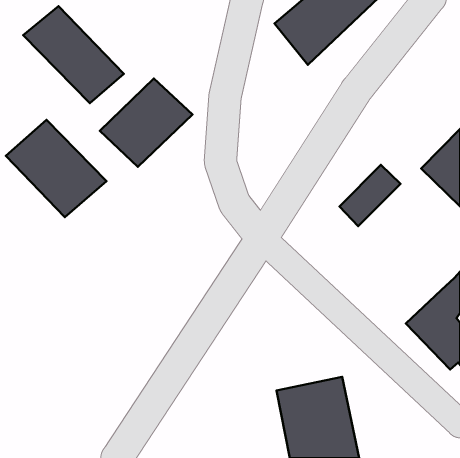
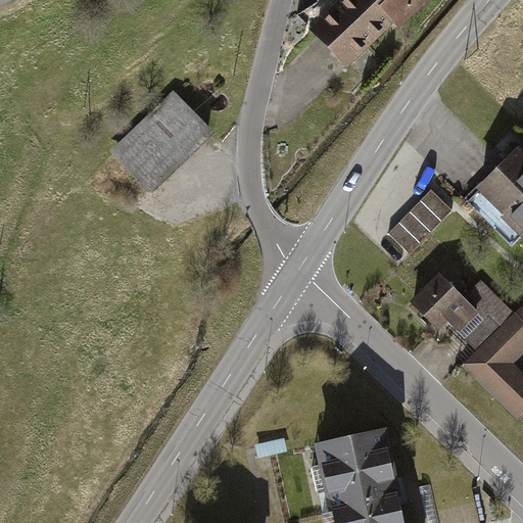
building: [23,6,124,103] -> none
building: [6,120,107,217] -> none
building: none -> [409,267,516,341]

